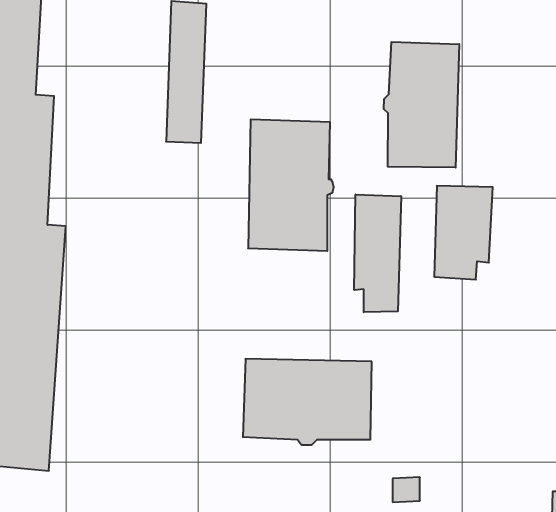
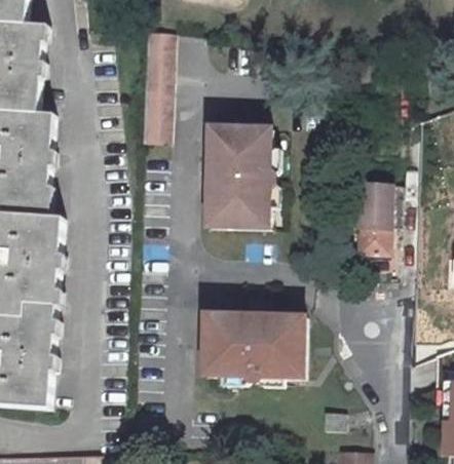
building: [384,42,459,168] -> none
building: [354,194,401,312] -> none

